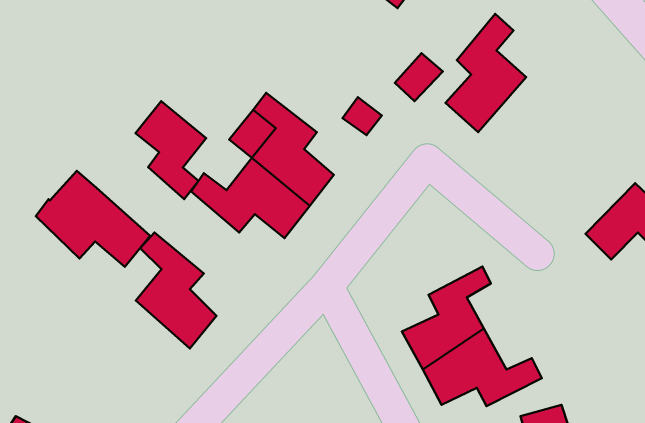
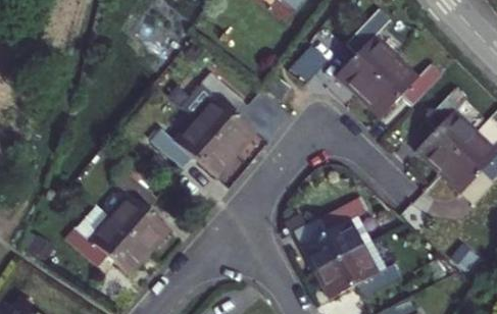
building: none -> [358,59,440,118]
building: [136,101,206,199] -> none
building: none -> [410,87,471,172]
building: [36,171,150,267] -> [67,208,150,277]

